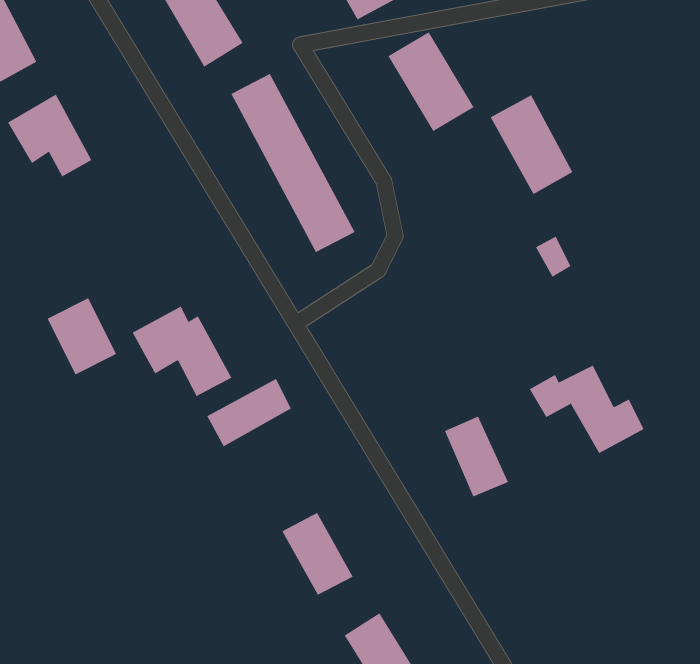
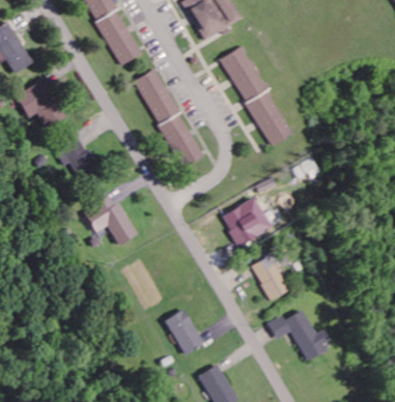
building: [490,95,573,195] -> [247,92,292,147]
building: [47,298,117,375] -> [58,138,96,180]
building: none -> [224,199,272,247]
building: [529,365,644,454] -> [269,311,332,360]
building: [207,378,292,447] -> none

